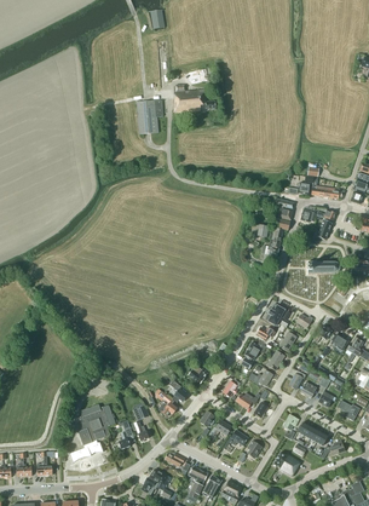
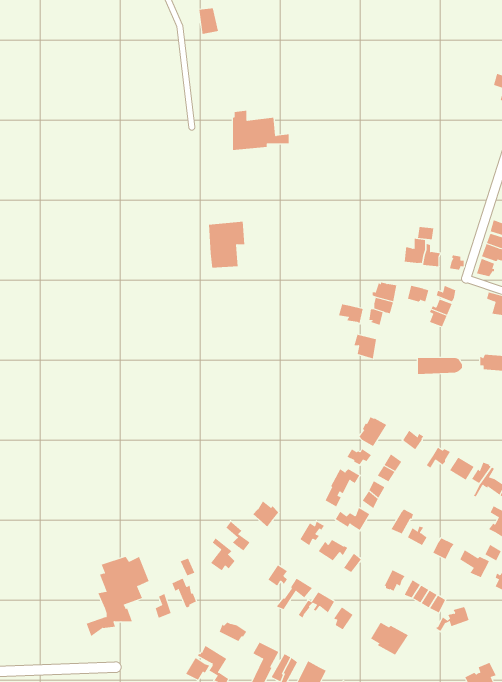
building: [137,99,163,133] -> [208,221,245,268]

